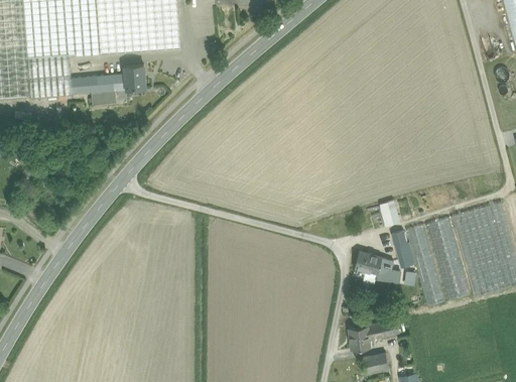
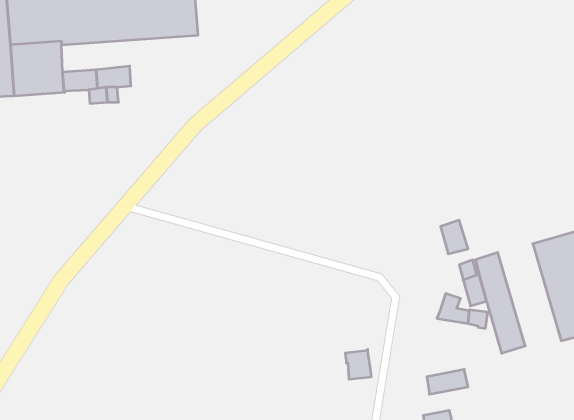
building: [124,67,145,91] -> none
building: [426,219,470,300] -> none
building: [355,252,381,284] -> none
building: [348,327,369,351] -> [345,349,371,379]

